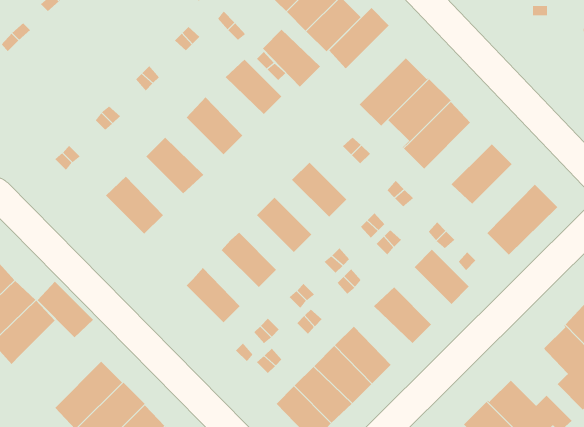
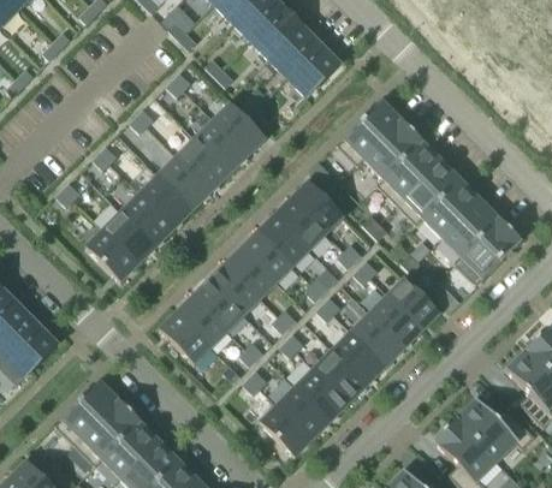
building: [328,7,390,76] -> none
building: [262,29,321,87] -> [195,118,249,172]
building: none -> [158,155,212,208]
building: none -> [397,160,459,222]
building: none -> [291,179,343,231]
building: none -> [121,191,174,245]
building: none -> [441,198,499,262]
building: none -> [259,213,309,263]
building: none -> [226,245,277,296]
building: none -> [192,278,244,329]
building: none -> [369,293,422,346]
building: [37,281,94,338] -> [85,227,138,280]
building: none -> [159,310,212,362]
building: none -> [332,329,386,383]

